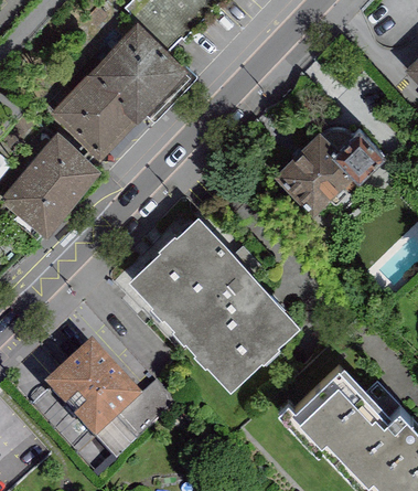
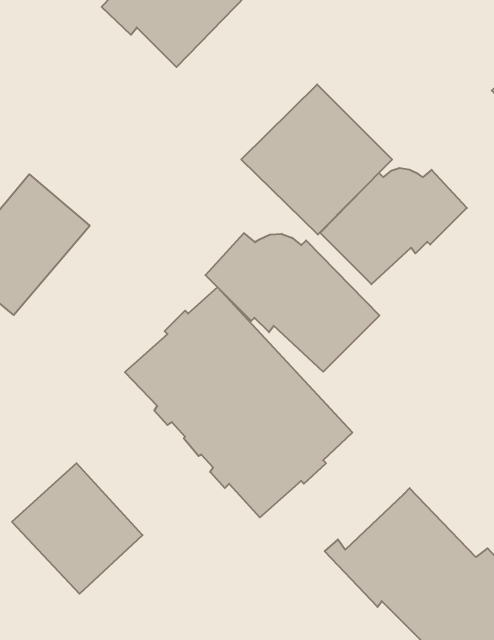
building: [51,22,187,161] -> none
building: none -> [241,84,392,235]
building: none -> [205,233,379,372]

